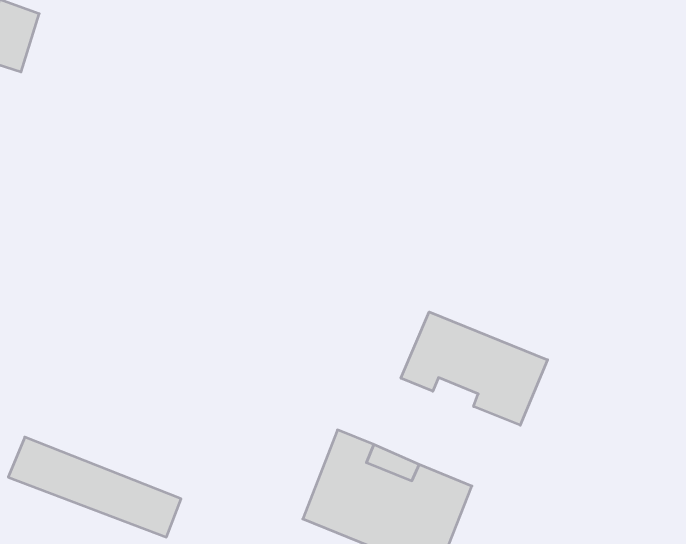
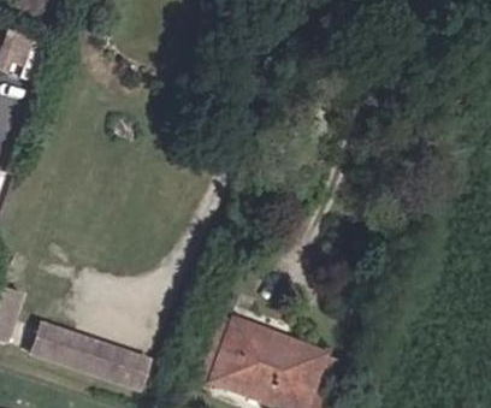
building: [401,312,548,425] -> none

